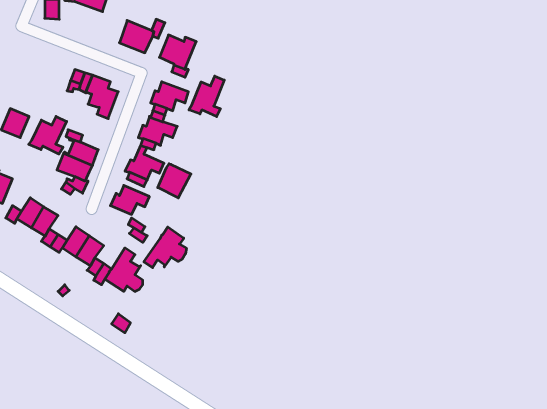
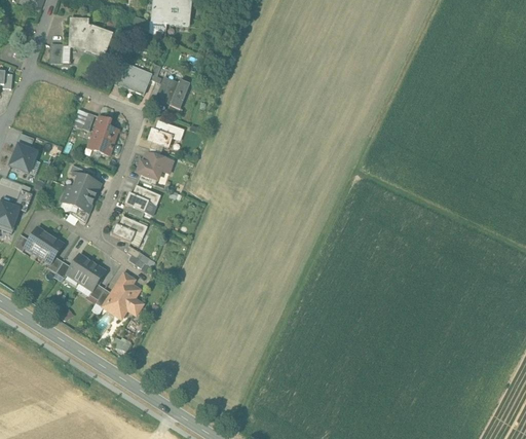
building: [189,76,224,117] -> none
building: [29,116,67,154] -> none
building: [158,164,191,198] -> none
building: [144,227,186,268] -> none

